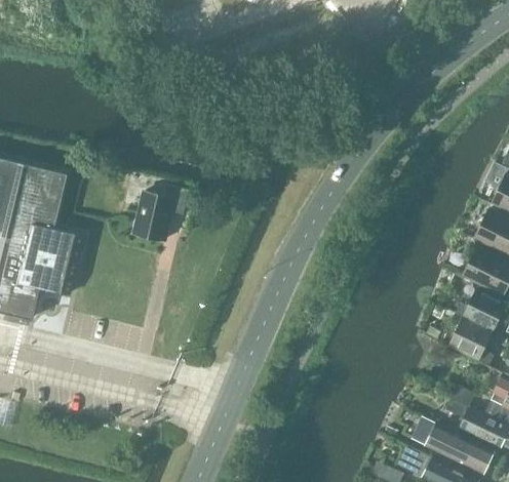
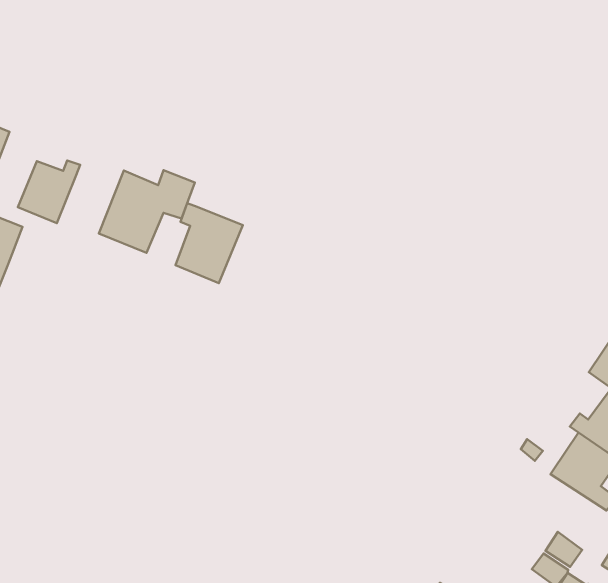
building: none -> [18,161,80,223]
building: none -> [175,203,243,283]

